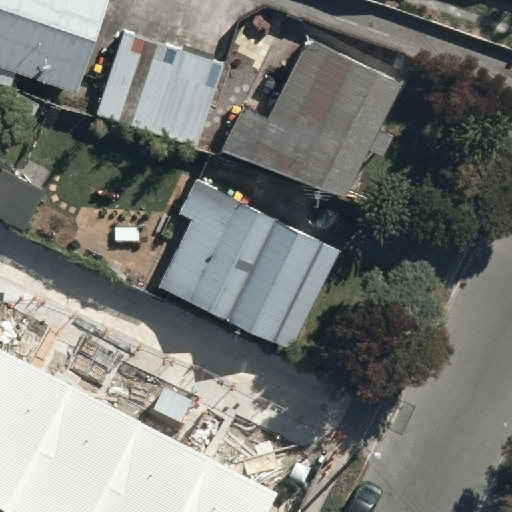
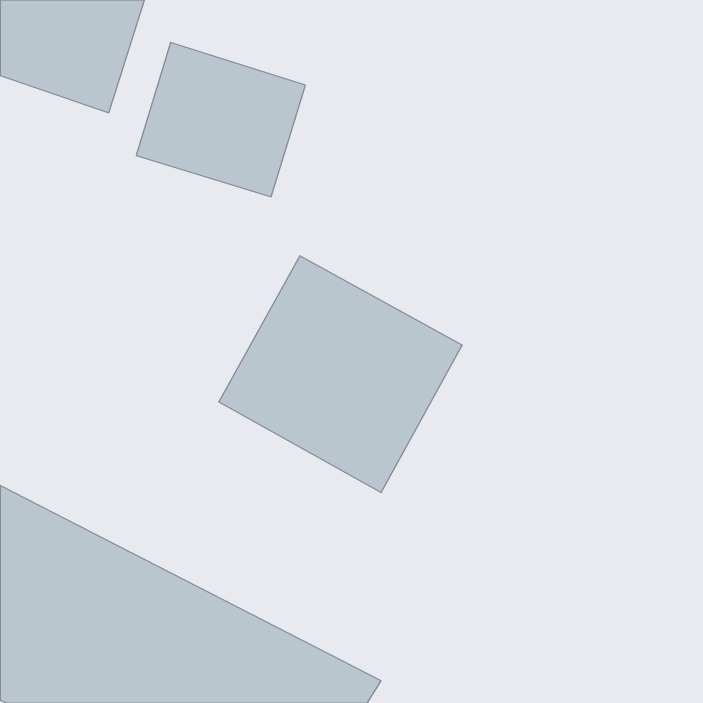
building: [224,34,402,195] -> none

